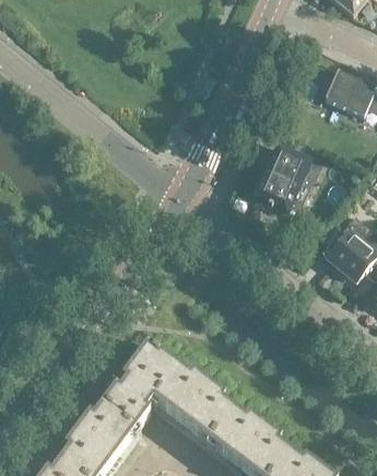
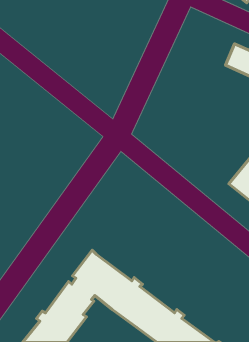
building: [254,144,309,212] -> none

